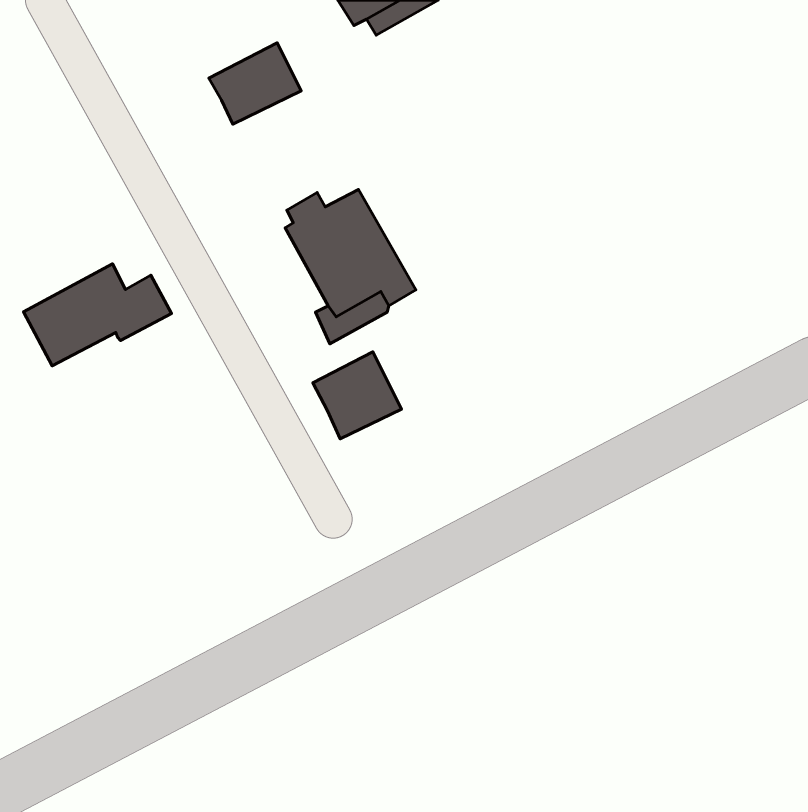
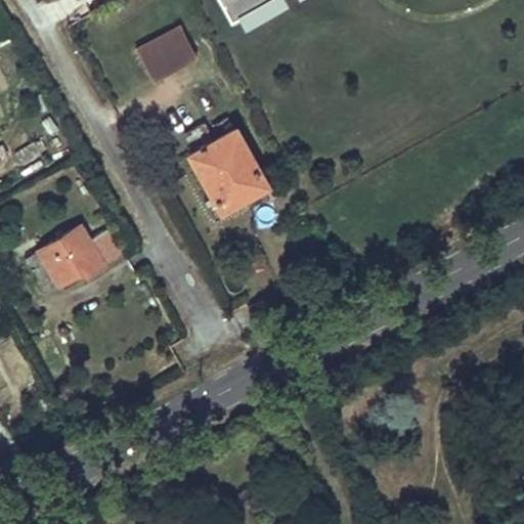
building: [23,264,172,366] -> [27,226,122,292]
building: [313,352,401,439] -> none

